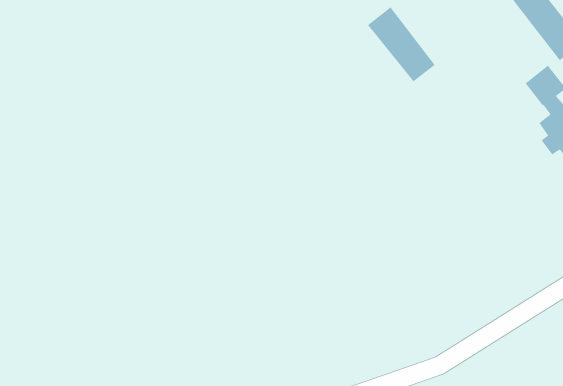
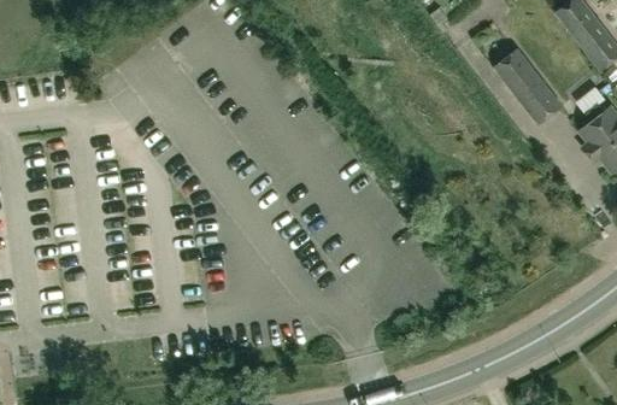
building: [367,7,435,82] -> [496,52,563,125]

